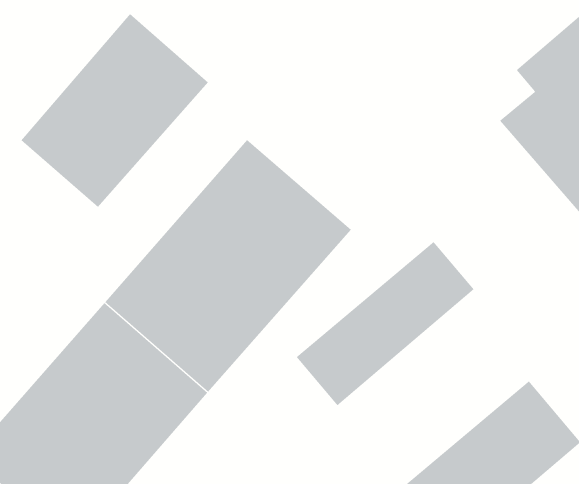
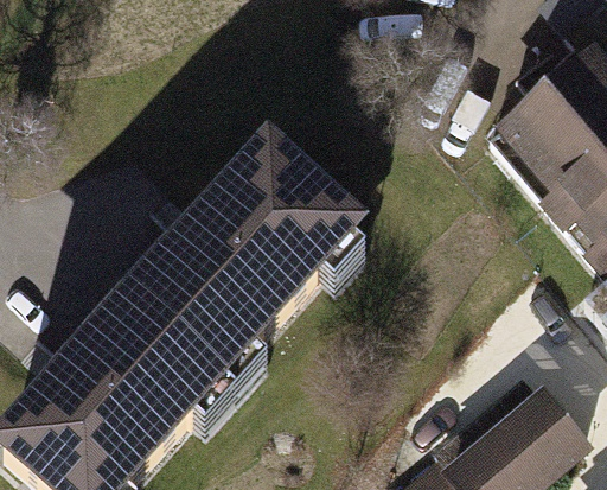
building: [21,13,209,208] -> none
building: [296,241,474,406] -> none

